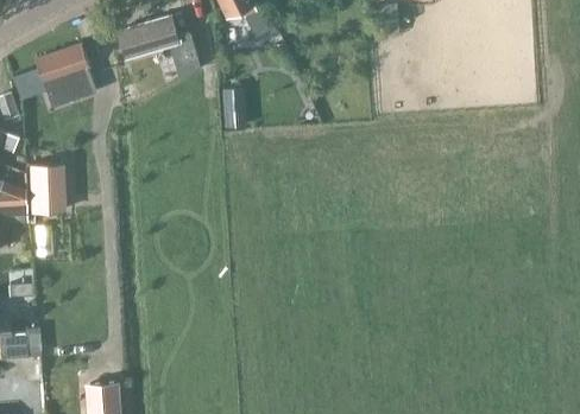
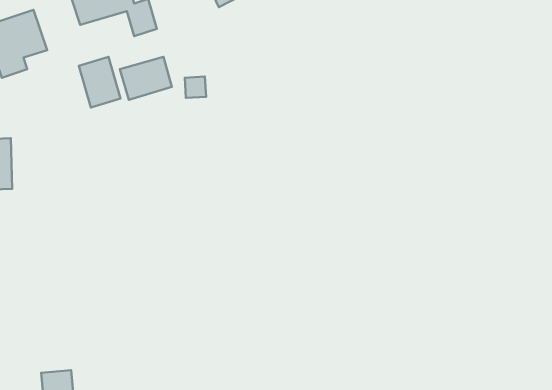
building: none -> [79,57,121,107]
building: none -> [120,57,172,100]

